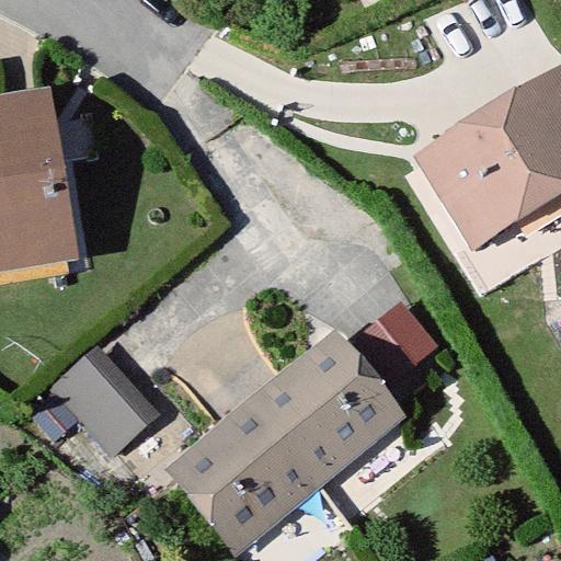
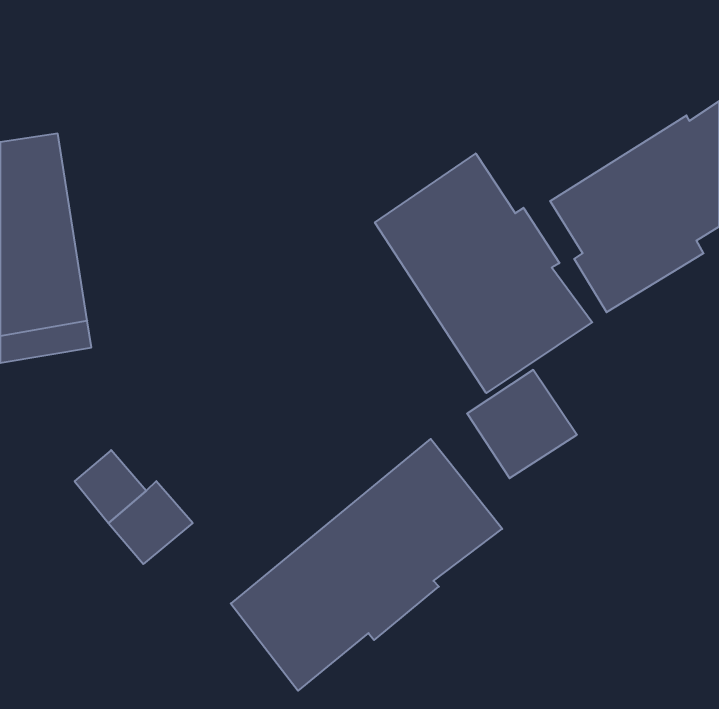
building: none -> [375,153,592,393]

